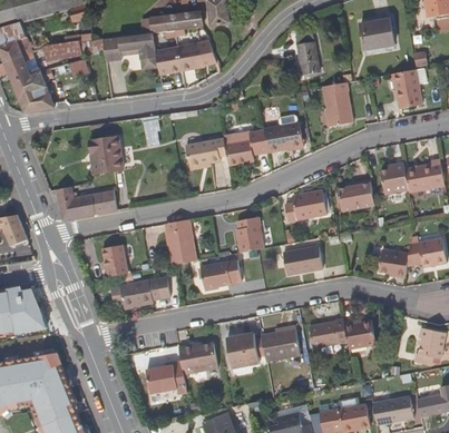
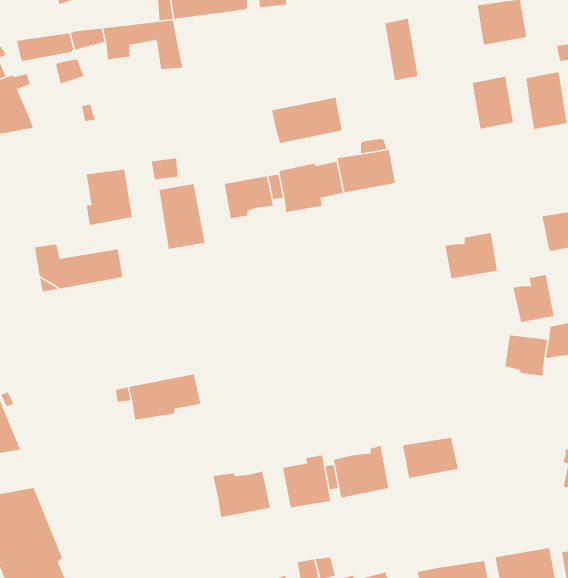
building: [154,42,203,75] -> [271,97,343,144]
building: [323,90,352,127] -> [472,76,514,129]
building: [379,161,408,195] -> [512,274,555,323]
building: [285,190,326,222] -> none
building: [234,217,263,253] -> none
building: [164,219,196,265] -> [159,183,206,250]
building: [101,245,126,268] -> none
building: [282,246,322,276] -> none
building: [199,260,241,289] -> none
building: [342,321,375,350] -> none
building: [145,361,186,394] -> none

